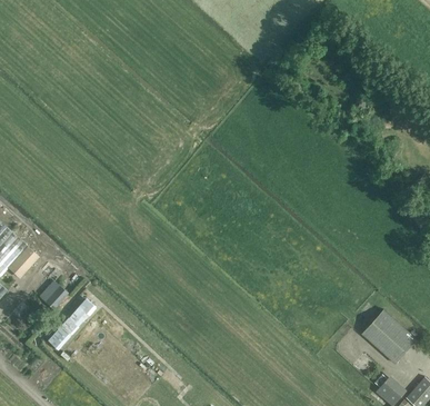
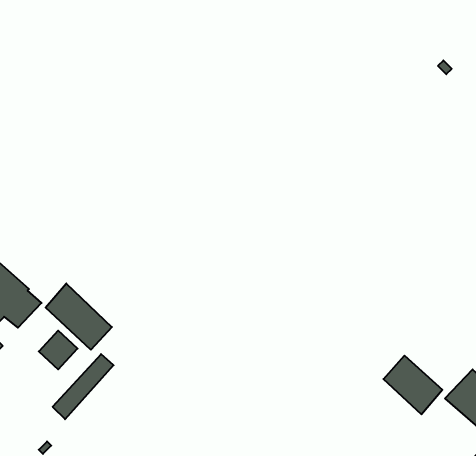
building: none -> [46,283,112,350]
building: none -> [383,356,442,414]

